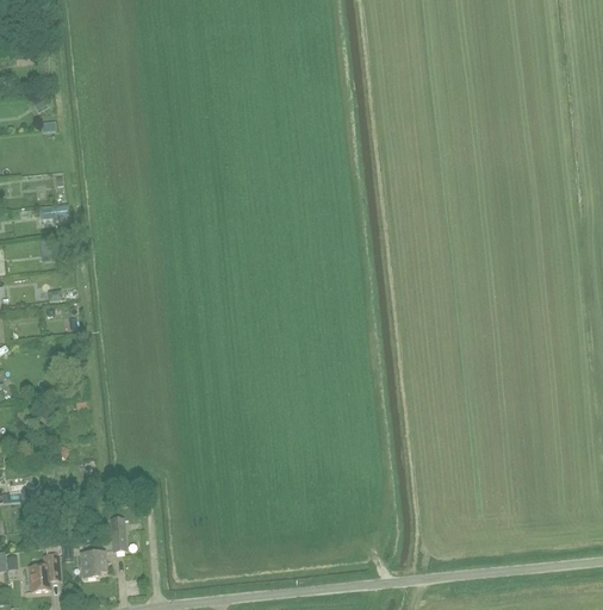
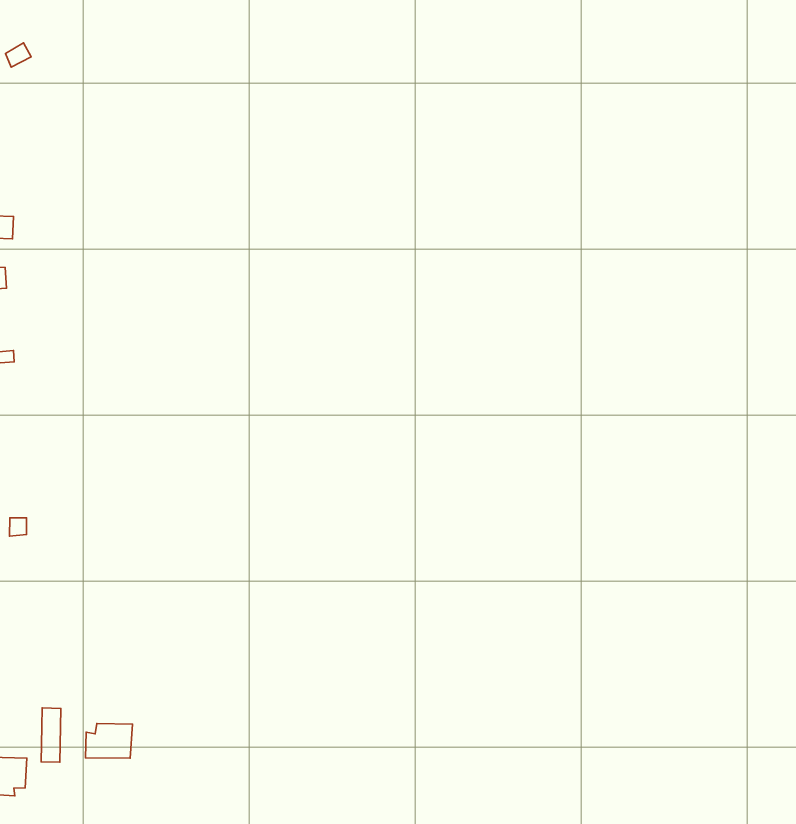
building: none -> [85,724,133,758]

